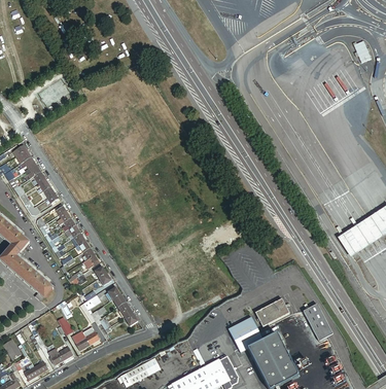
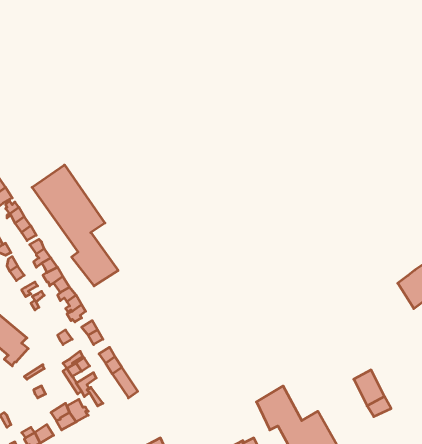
building: none -> [32,165,118,286]
building: [255,298,289,326] -> none

